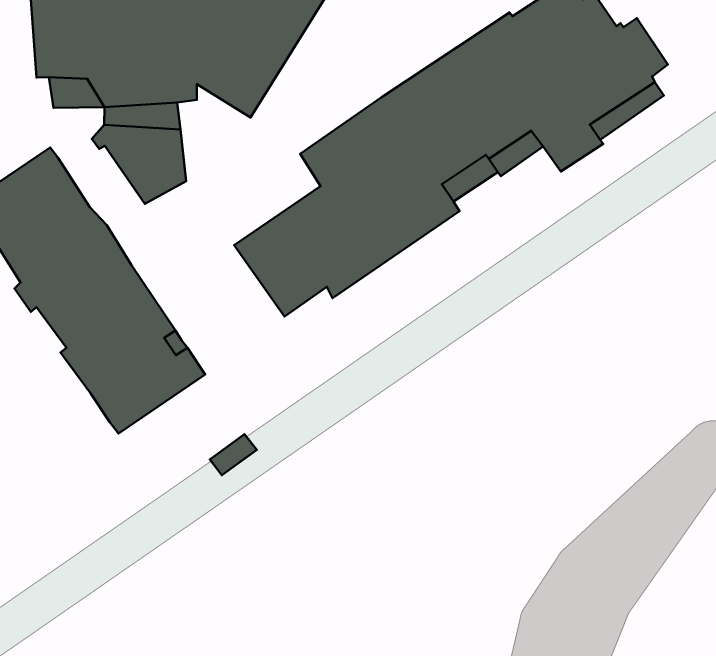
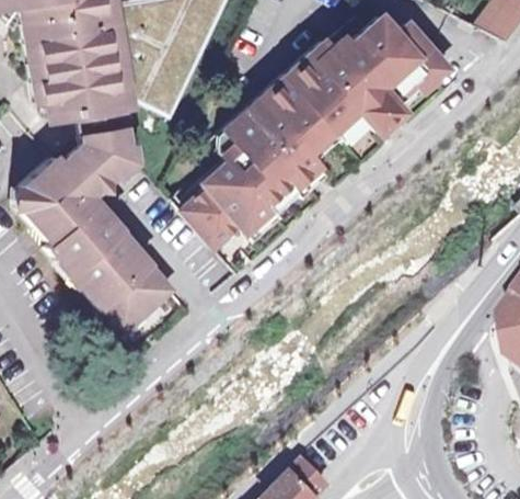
building: none -> [60,146,118,199]

